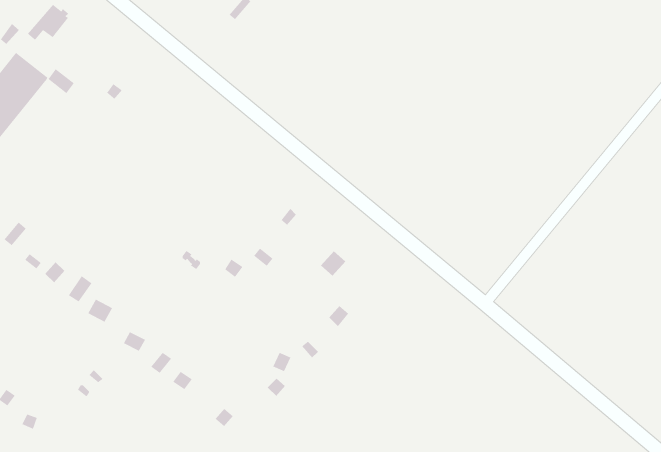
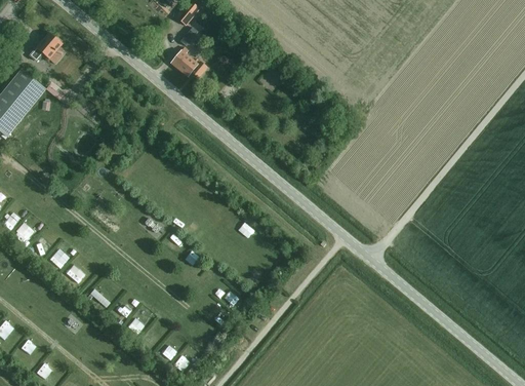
building: none -> [170,48,206,78]

